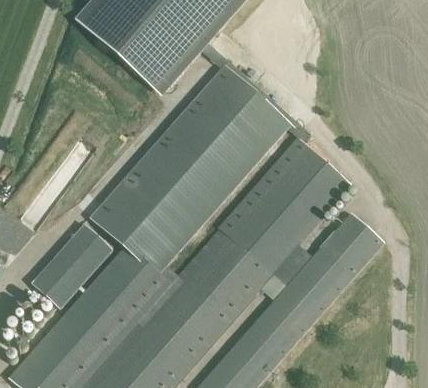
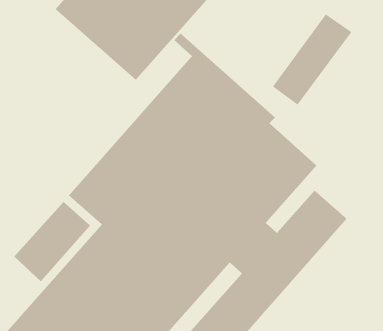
building: none -> [272,14,352,106]

